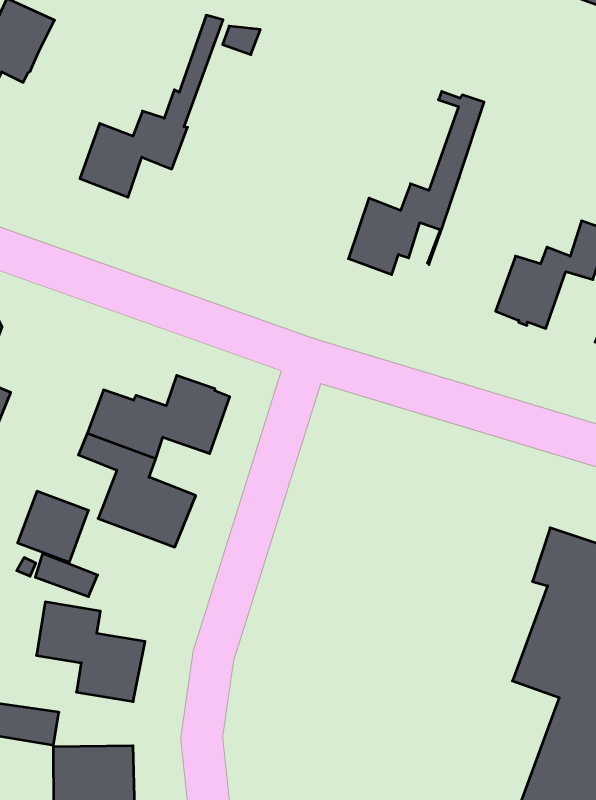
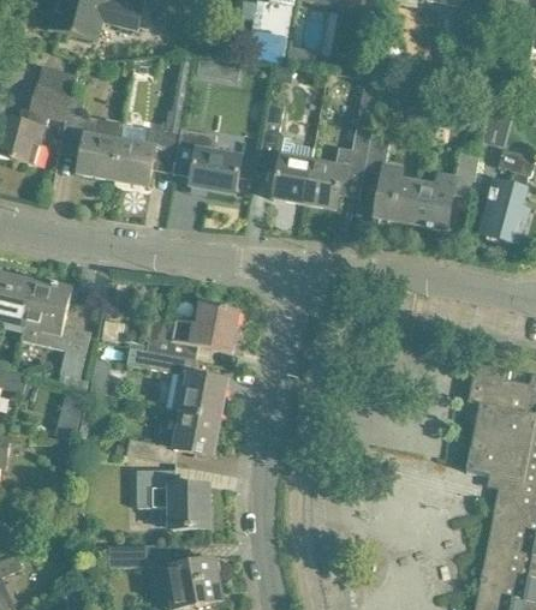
building: none -> [61,97,124,179]
building: none -> [260,102,312,203]
building: none -> [172,127,242,192]
building: none -> [364,136,417,222]
building: [18,491,89,562] -> [174,411,219,455]

